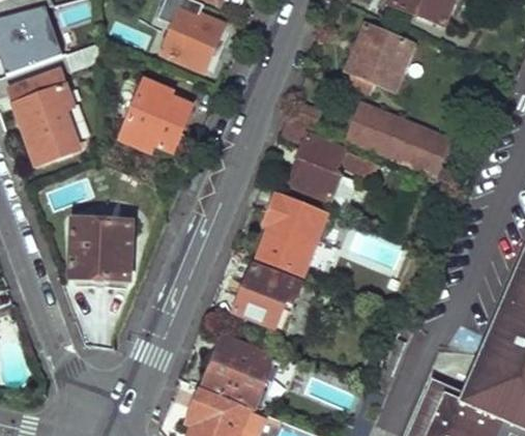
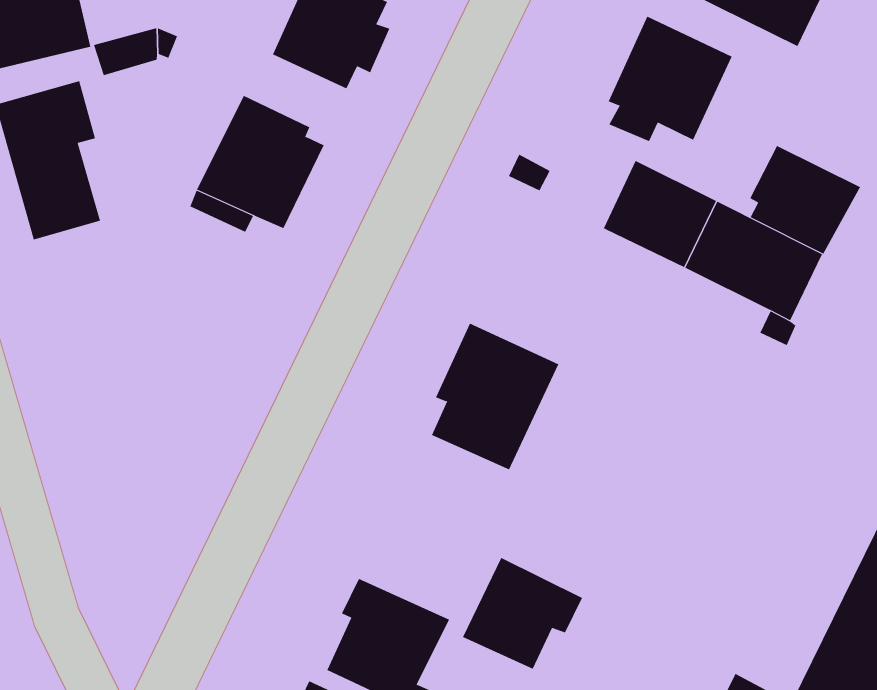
building: none -> [749,145,861,255]
building: [281,113,369,197] -> none
building: [59,208,130,286] -> none
building: [236,264,300,324] -> [462,557,583,670]

